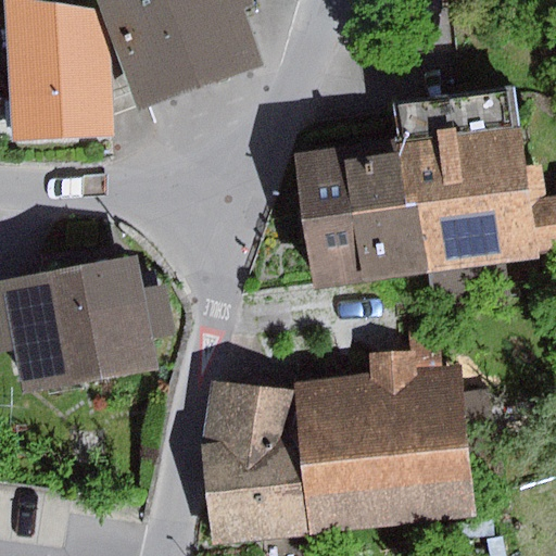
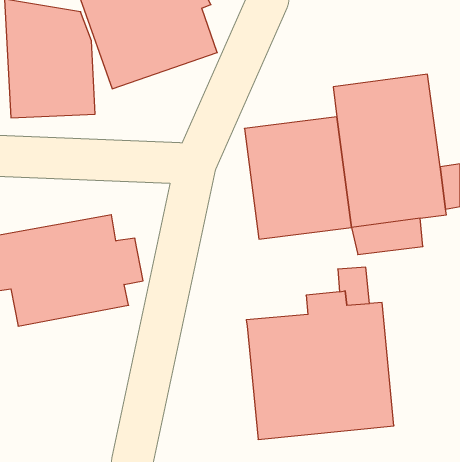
building: [202,380,309,545] -> none

